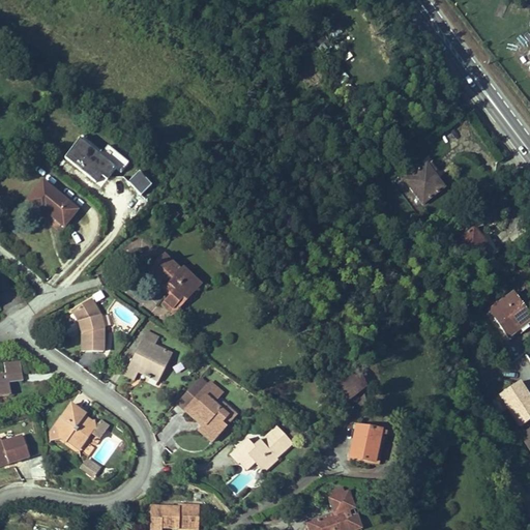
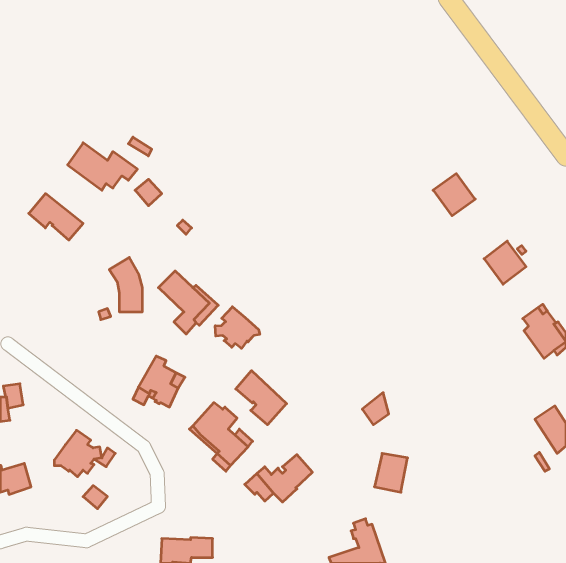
building: none -> [215,307,260,348]
building: [72,298,104,349] -> [109,257,142,312]
building: none -> [236,371,287,425]

